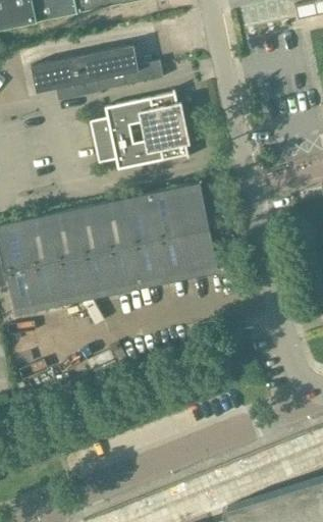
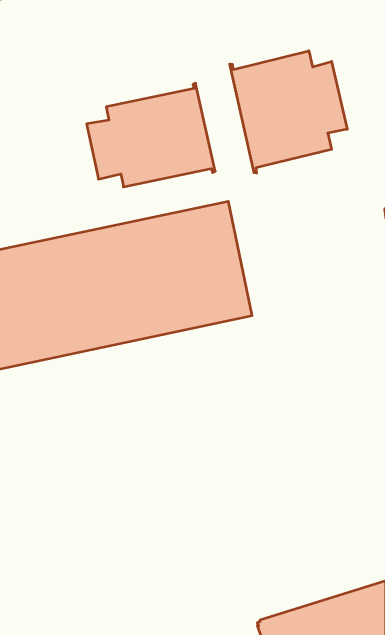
building: [31,44,162,100] -> none
building: none -> [230,51,347,173]

